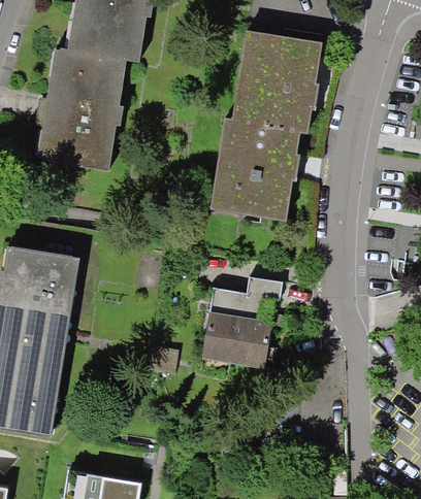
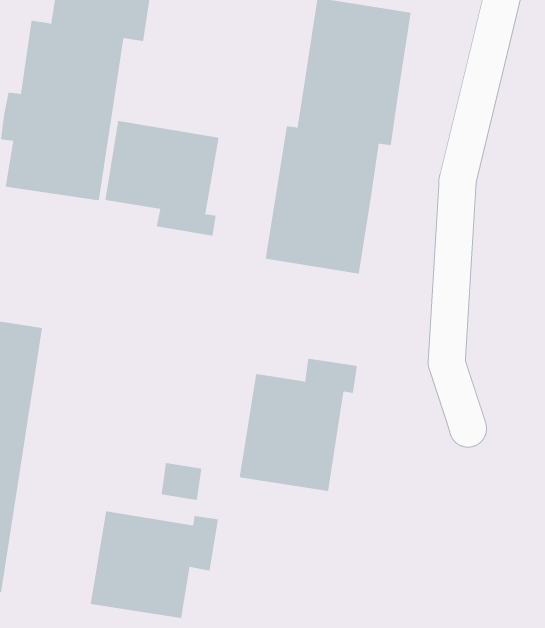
building: none -> [105,120,219,236]
building: none -> [90,510,218,619]

